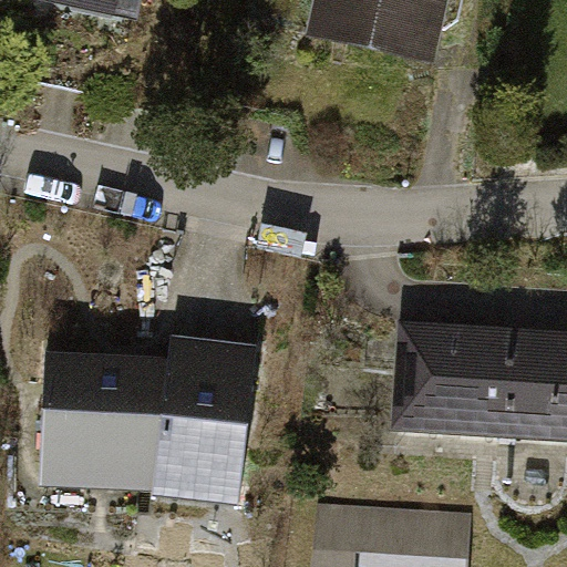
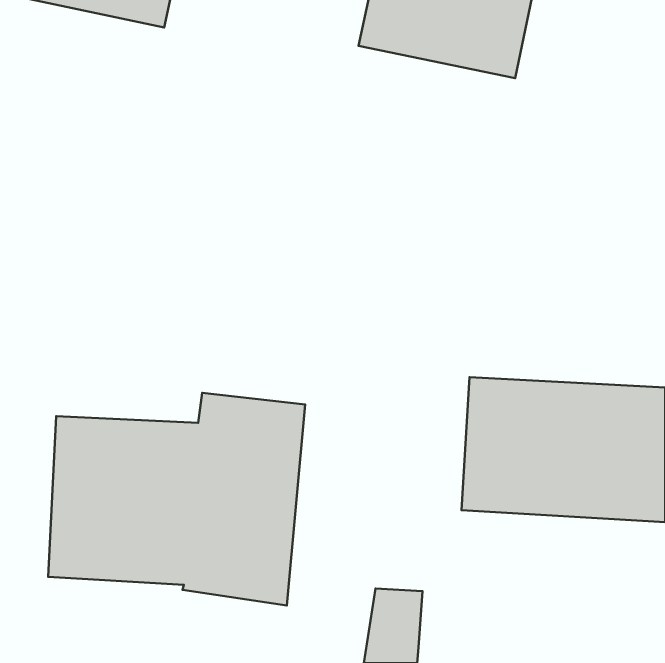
building: [355,502,472,556] -> none

